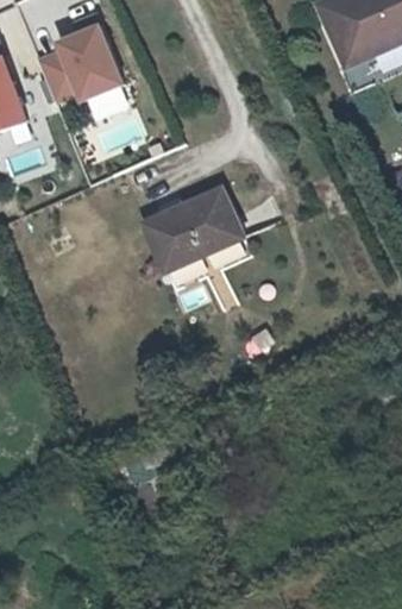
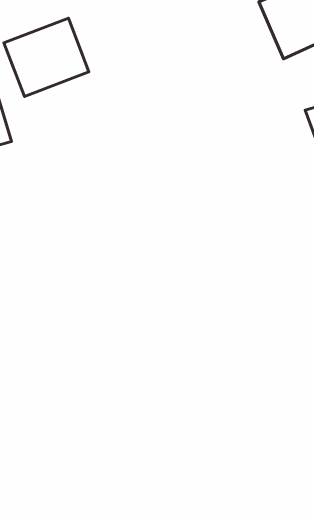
building: [146,193,235,266] -> none

